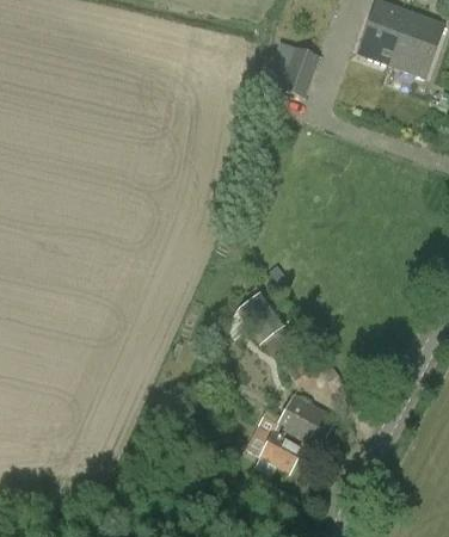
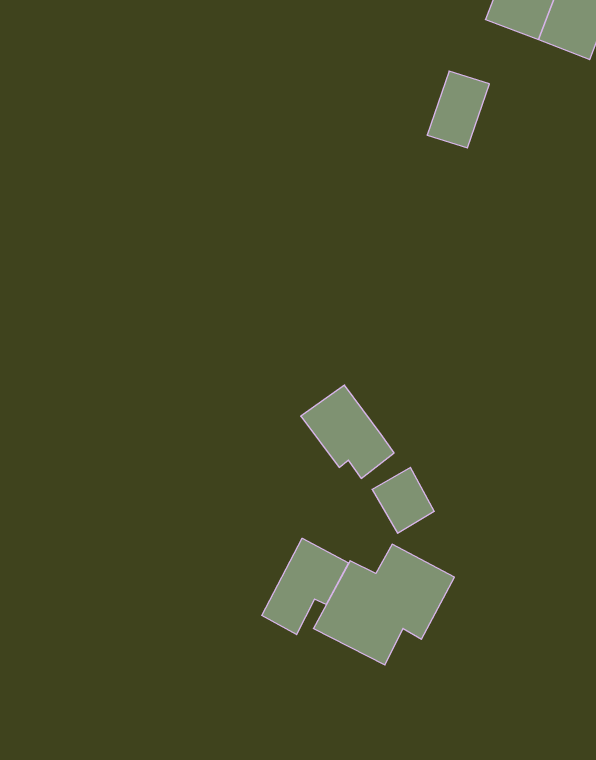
building: [278,47,319,97] -> [427,71,489,148]
building: none -> [262,538,349,635]

